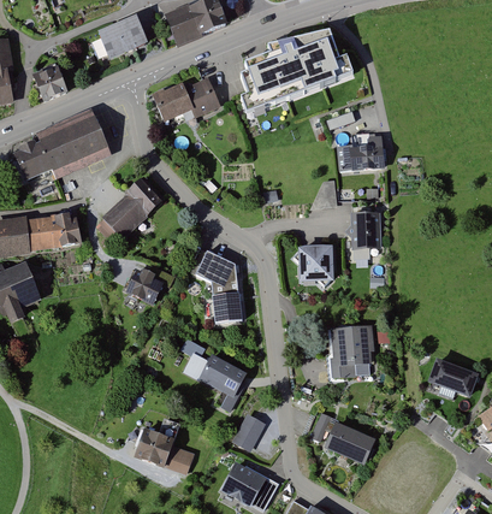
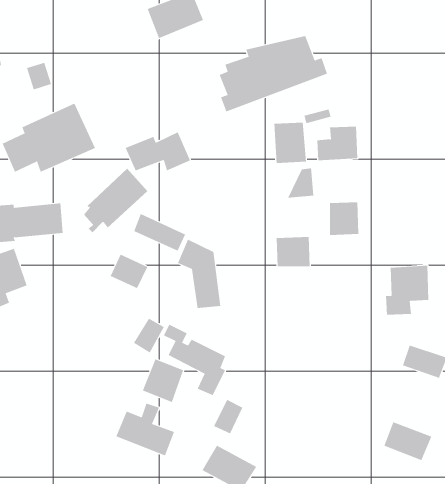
building: [96,18,147,60] -> none
building: [152,77,220,118] -> [125,132,191,171]
building: none -> [274,122,306,164]
building: none -> [134,213,186,251]
building: [327,326,373,378] -> [385,265,429,315]
building: none -> [133,318,164,353]
building: none -> [142,358,184,403]
building: [324,423,374,463] -> [384,421,432,461]

